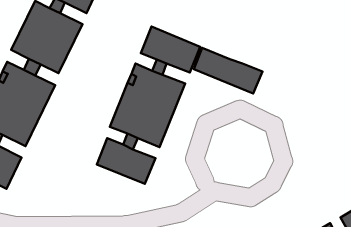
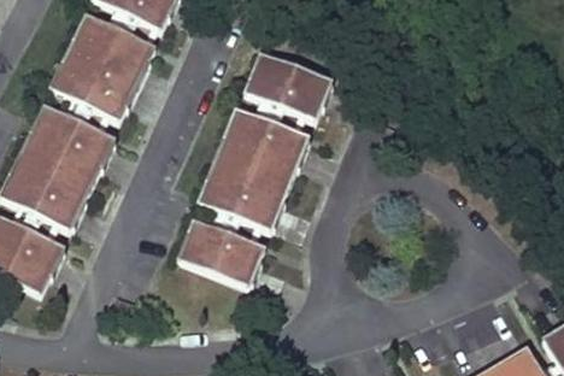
building: [194,48,262,93] -> none

